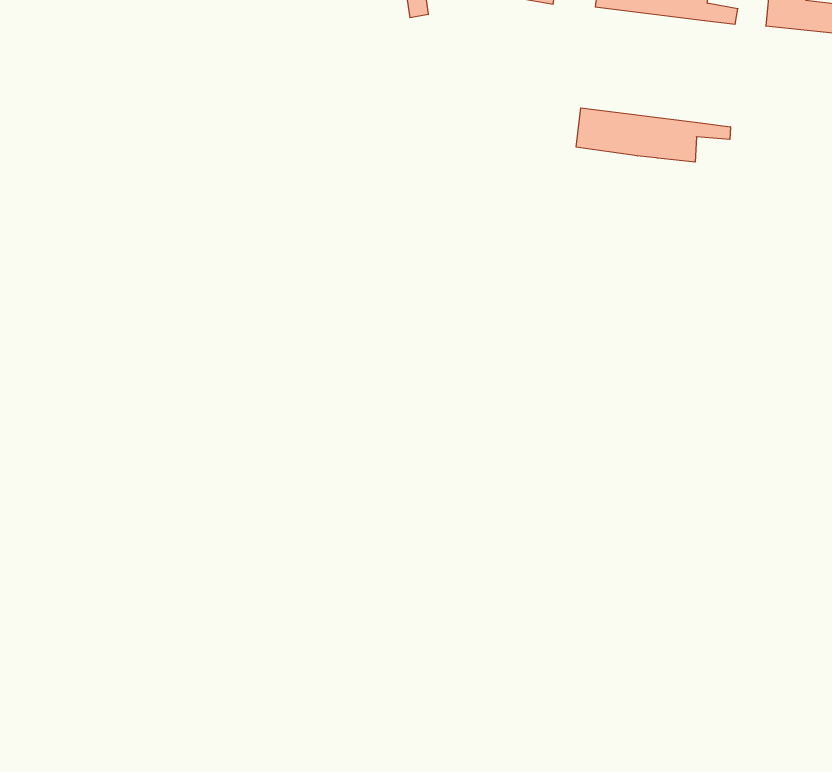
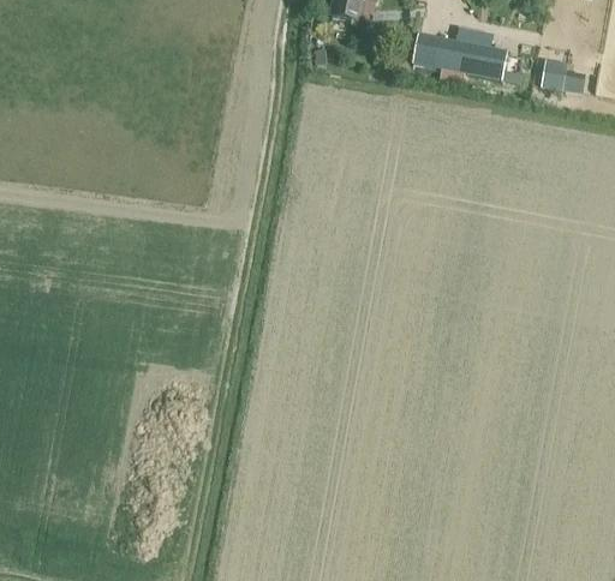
building: [576,108,730,162] -> none

